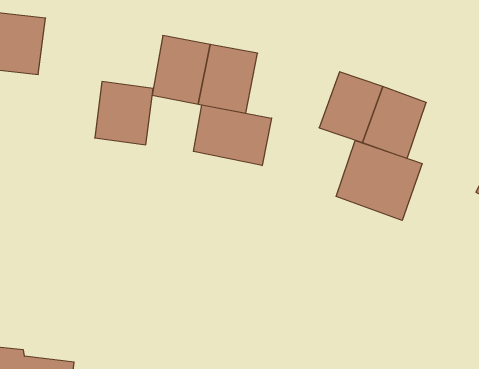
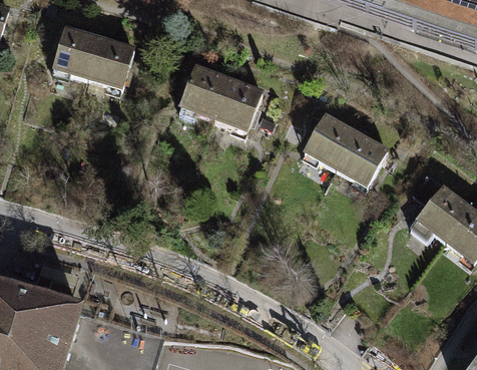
building: [95,82,153,145] -> [93,34,144,88]
building: [193,105,272,166] -> none
building: [336,141,422,220] -> none

